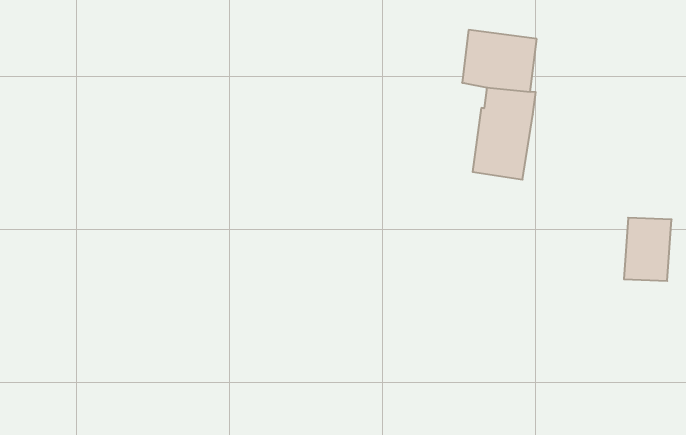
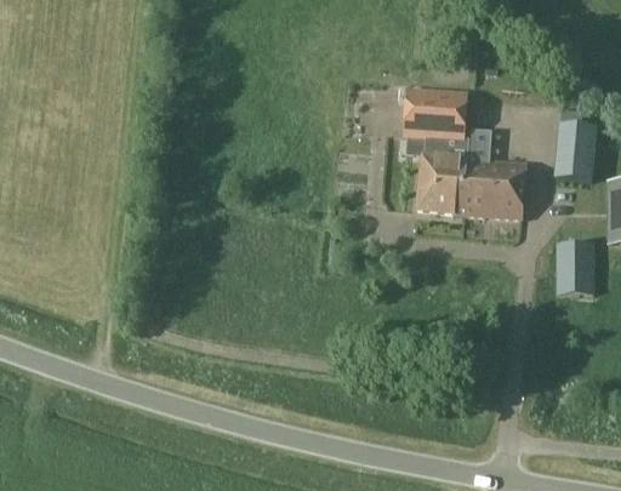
building: none -> [557,121,588,176]
building: none -> [463,158,529,219]

